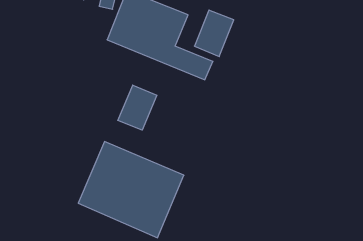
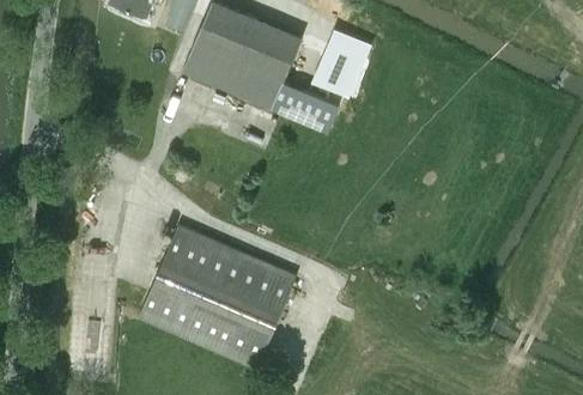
building: [118,85,157,130] -> none

